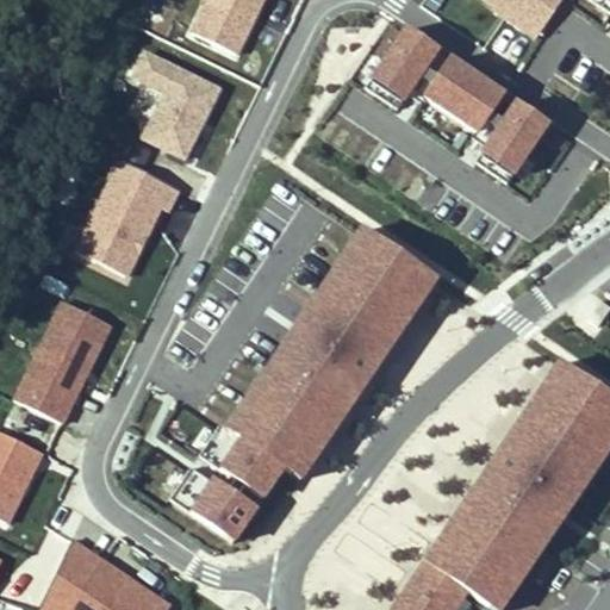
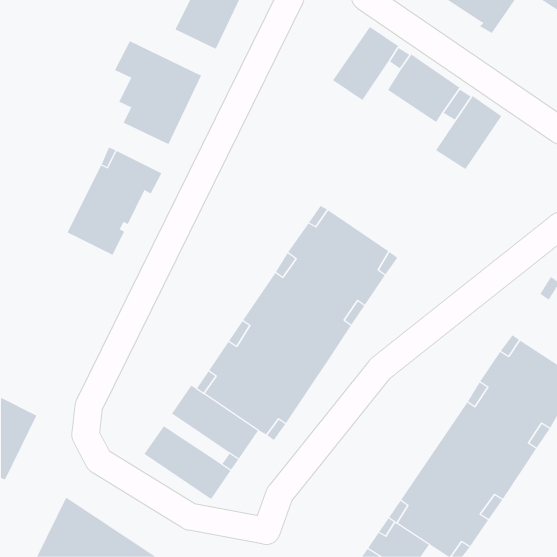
building: [15,299,113,423] -> none

